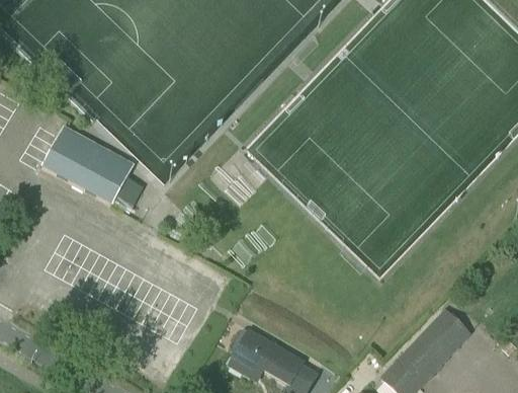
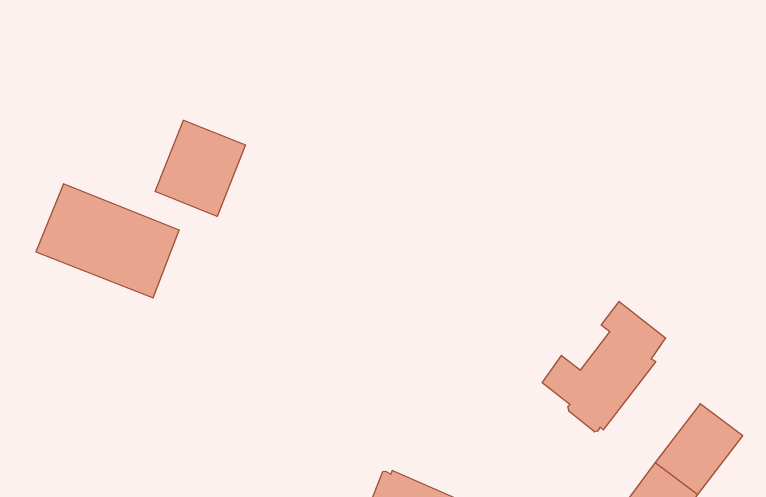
building: none -> [155,120,245,216]
building: none -> [542,301,666,432]

